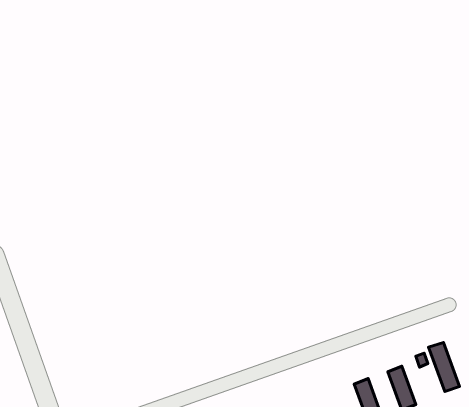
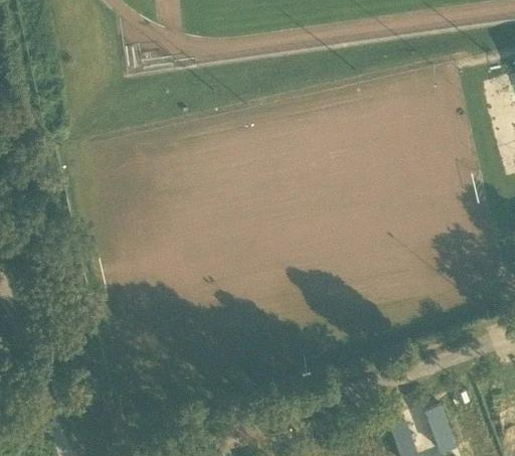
building: [429,342,460,391] -> none

